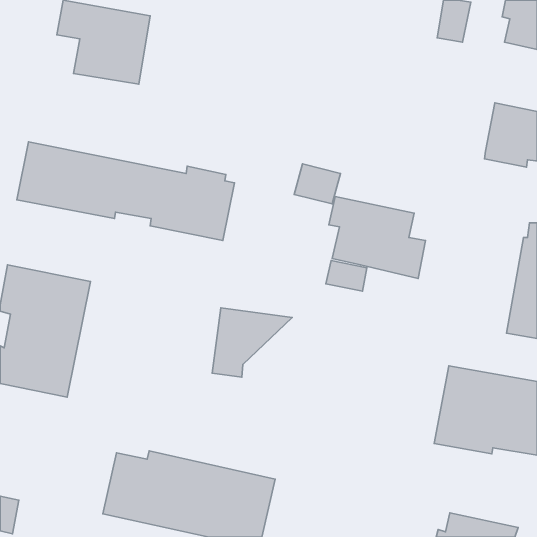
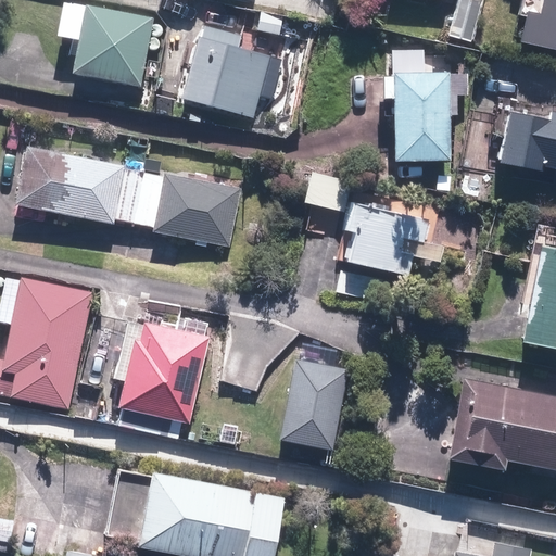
building: none -> [185,25,276,119]
building: none -> [383,49,453,161]
building: none -> [116,321,210,434]
building: none -> [283,359,348,447]

